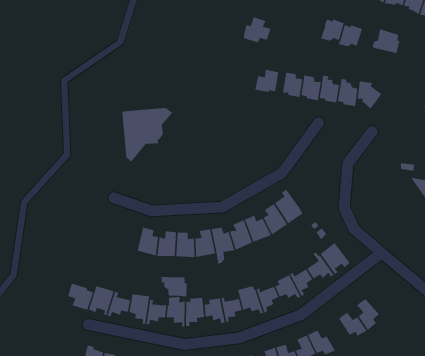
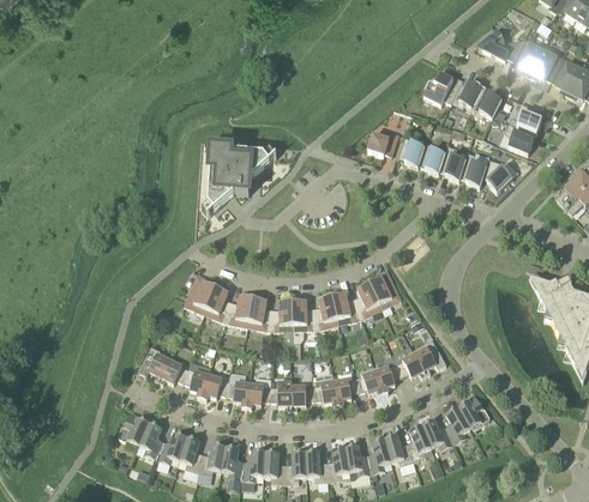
building: [243,17,272,43] -> [423,72,458,103]
building: none -> [504,121,534,152]
building: none -> [184,272,215,312]
building: [161,276,187,297] -> none
building: [68,283,94,310] -> none
building: none -> [457,393,489,427]
building: none -> [407,424,432,460]

